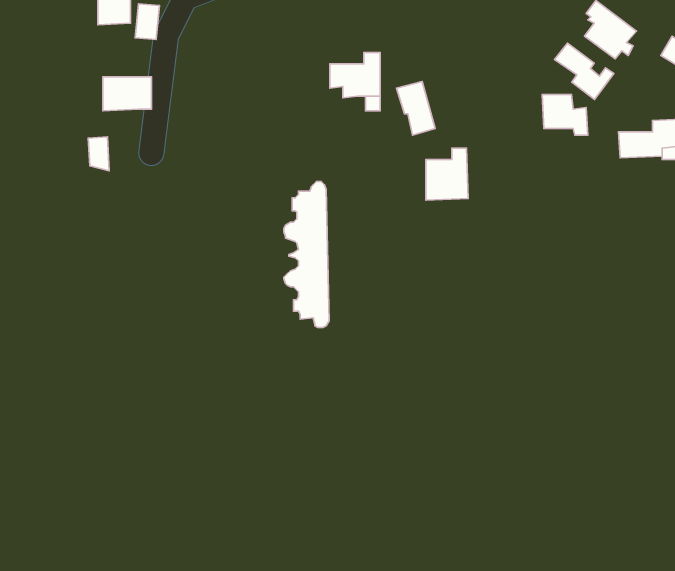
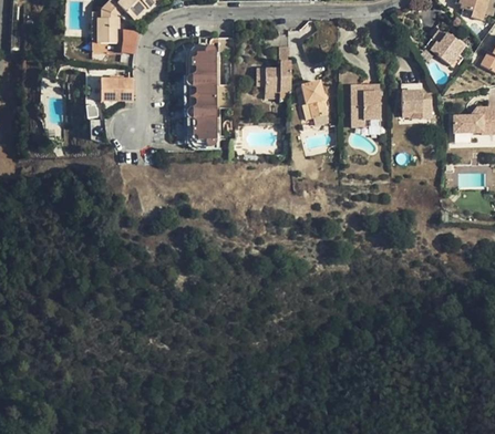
building: [555,43,614,99] -> none
building: [426,148,468,200] -> [351,84,380,120]
building: [284,182,329,327] -> [186,45,217,145]

